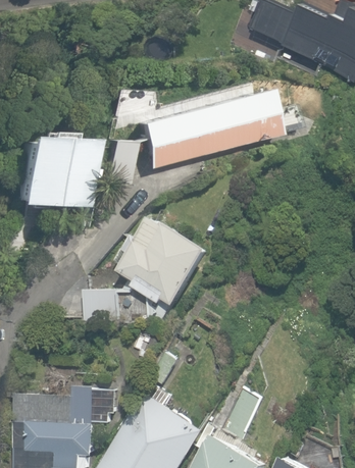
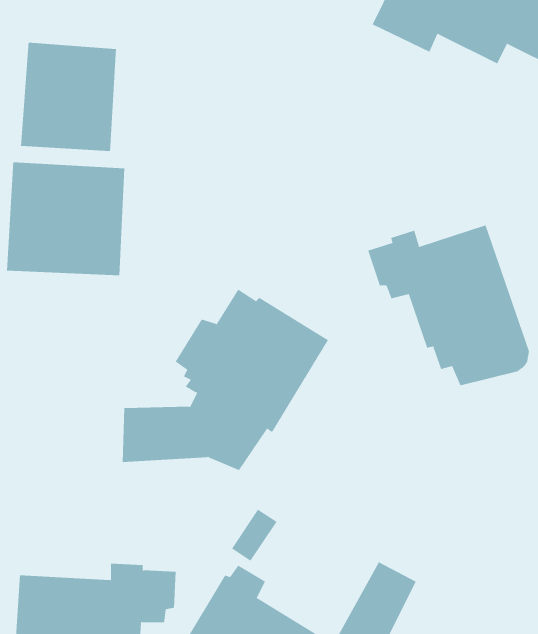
building: none -> [21,42,116,152]
building: [105,88,276,185] -> none
building: none -> [368,224,529,386]

